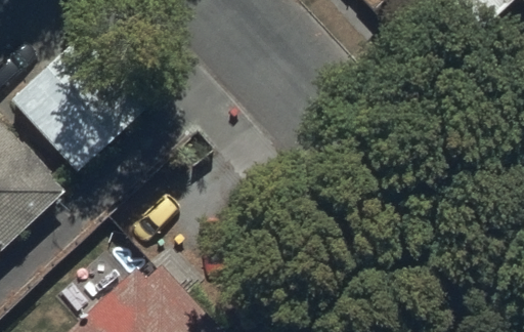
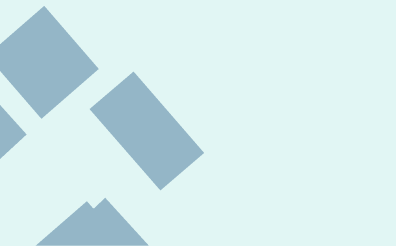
building: none -> [89,70,205,192]

